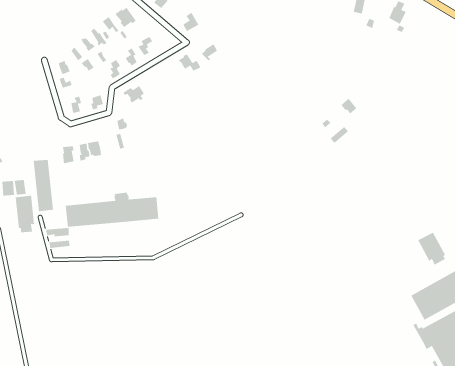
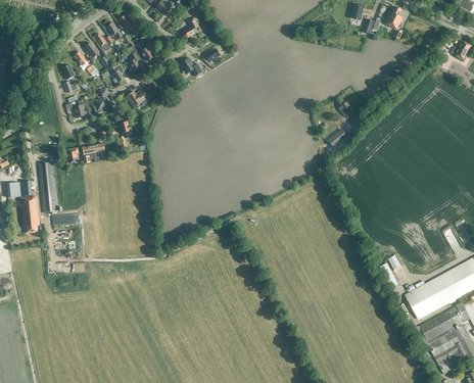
building: [65,192,159,228] -> none
building: [417,232,446,266] -> none

